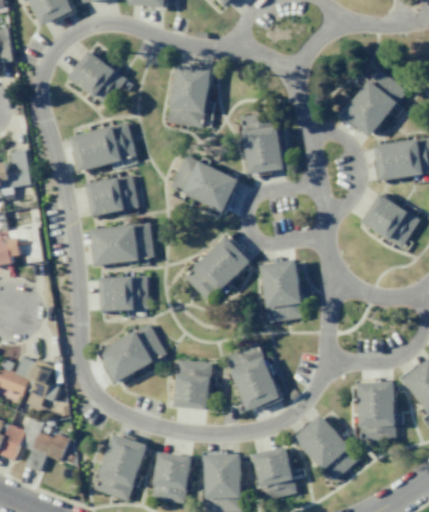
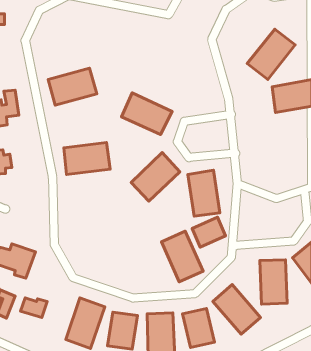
building: [69,49,127,105] -> none
building: [166,63,212,128] -> none
building: [241,111,283,173] -> none
building: [86,175,137,216] -> none
building: [362,193,419,247] -> none
building: [100,276,147,311] -> none
building: [98,323,166,382] -> none
building: none -> [192,217,225,247]
building: [174,359,211,410] -> none

